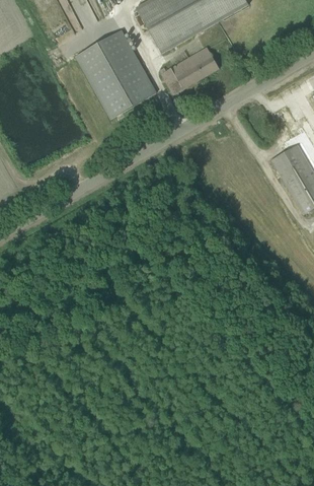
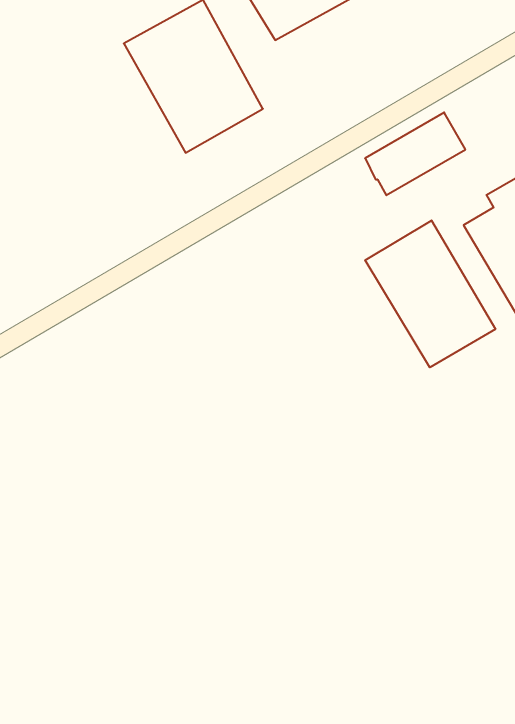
building: [161,47,219,94] -> [365,112,465,195]
building: none -> [365,220,495,367]

